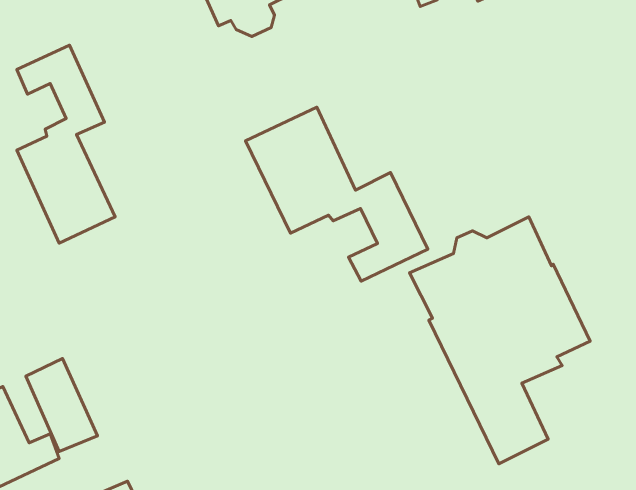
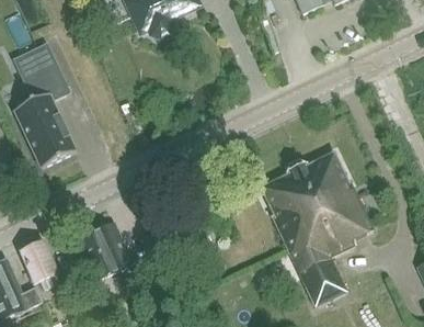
building: [246,107,428,281] -> none
building: none -> [79,223,133,278]

